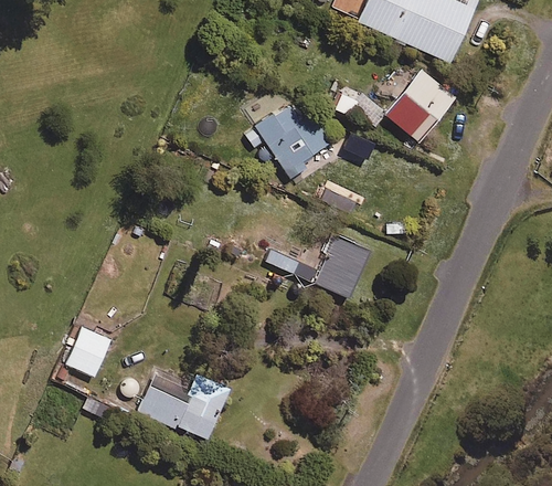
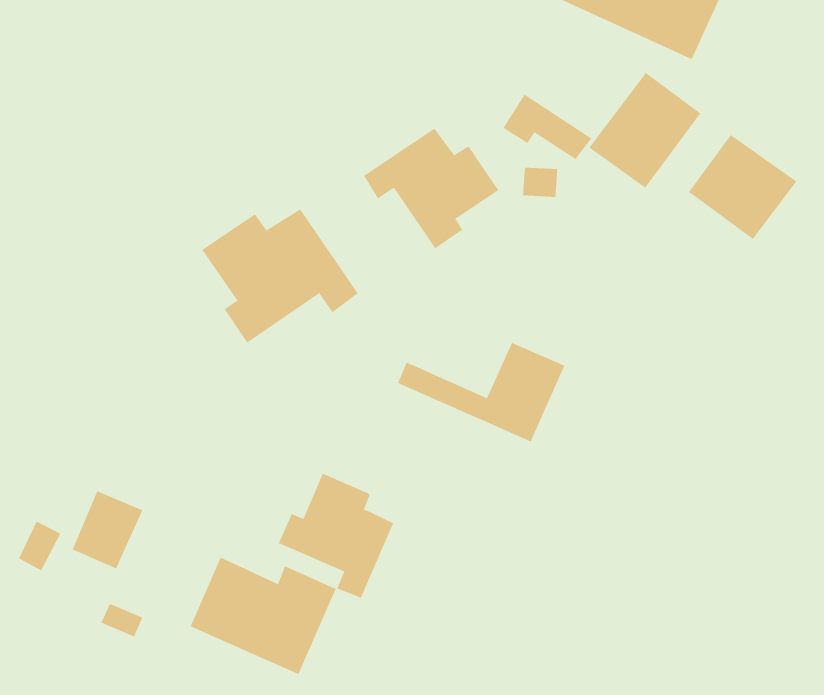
building: none -> [688,134,797,240]
building: none -> [201,209,358,343]
building: none -> [278,473,394,598]

